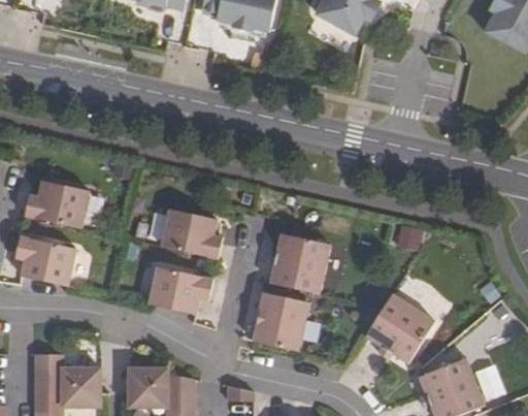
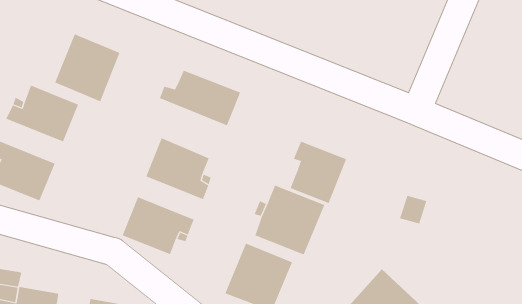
building: none -> [55,33,120,102]
building: none -> [159,70,241,126]
building: none -> [290,141,347,204]

